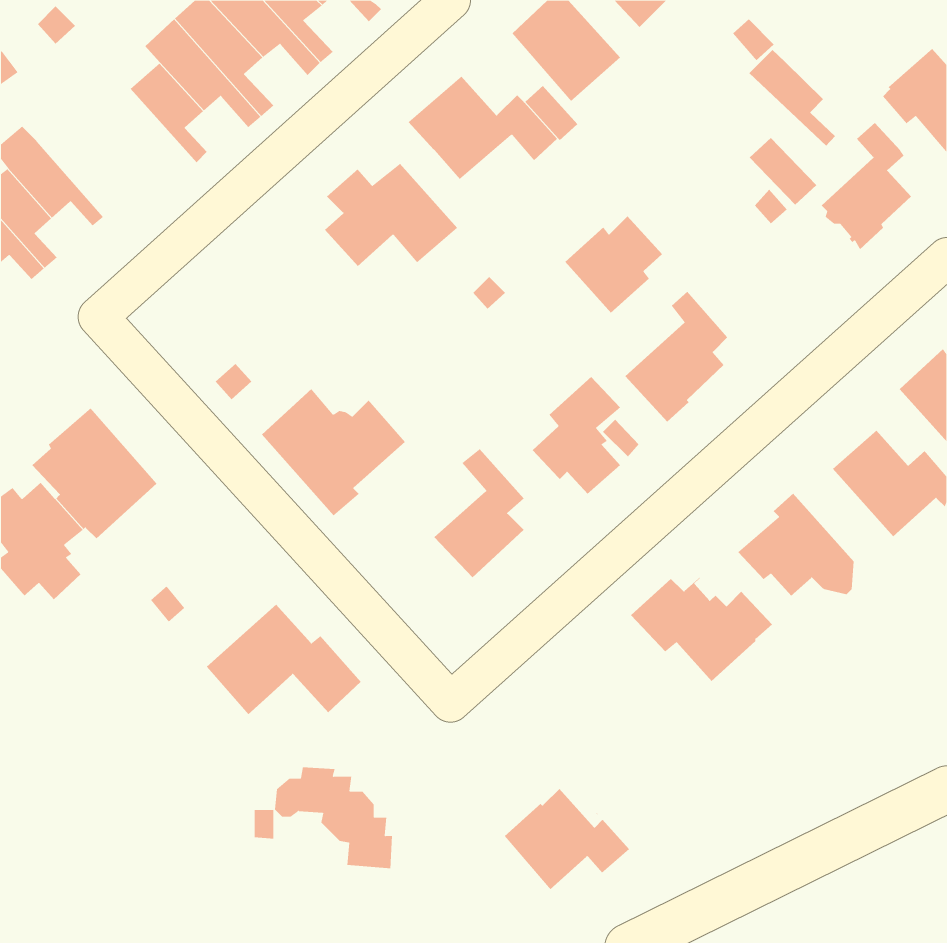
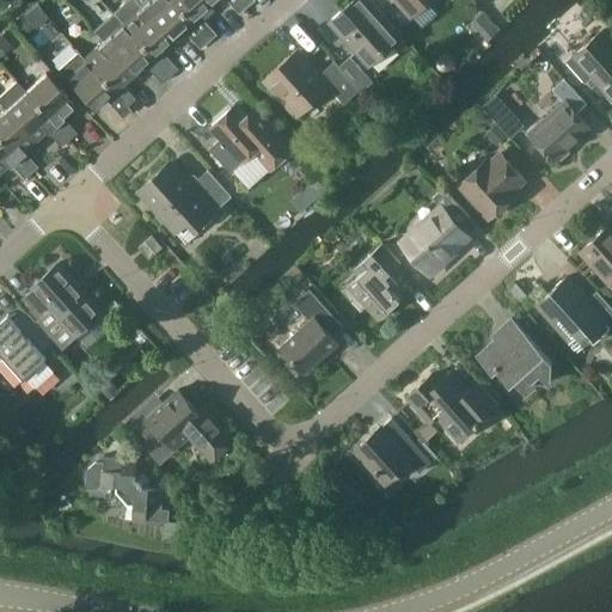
building: [748,49,836,147] -> none
building: none -> [54,49,130,120]
building: none -> [24,75,75,142]
building: [565,215,663,314] -> [460,155,524,219]
building: [261,388,406,516] -> [139,164,232,246]
building: [274,767,393,869] -> [86,458,163,524]
building: [504,788,630,890] -> [356,420,437,485]

